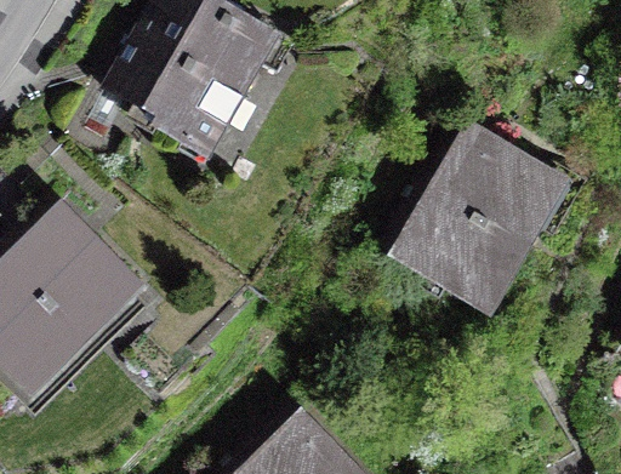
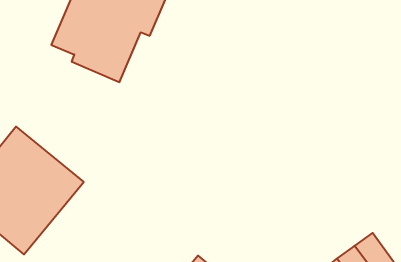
building: [394,130,566,305] -> none

